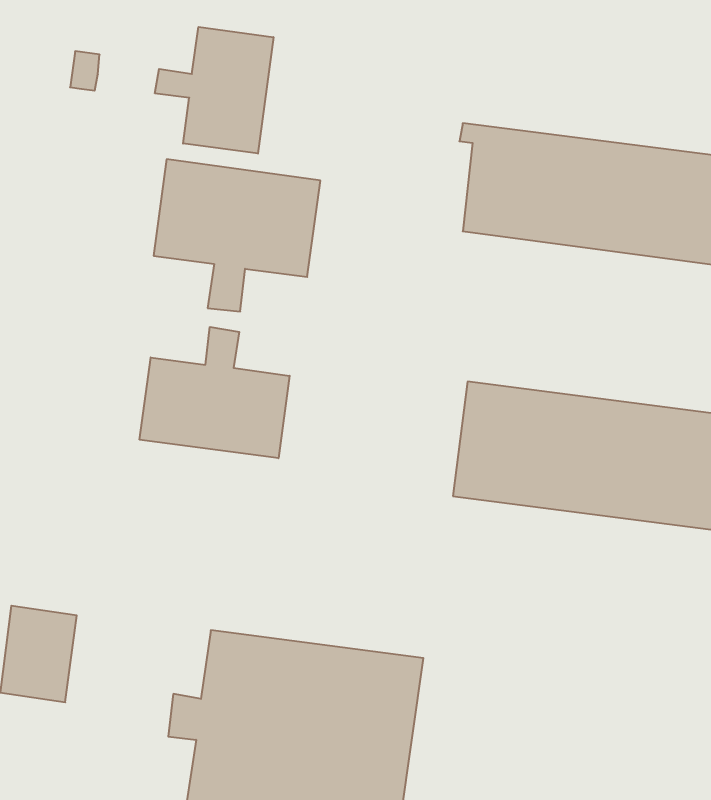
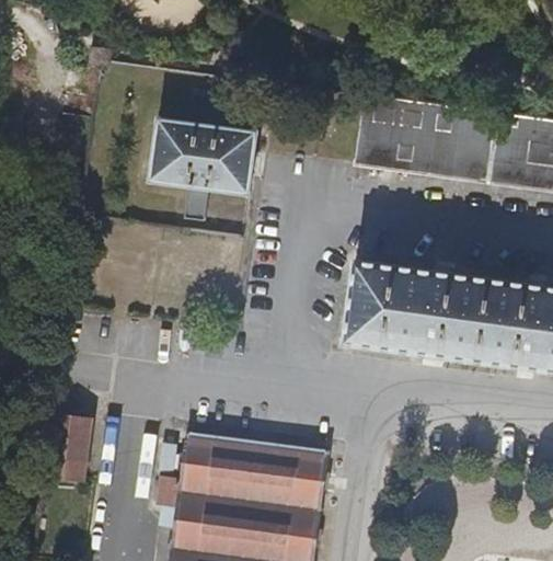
building: [155,27,273,154] -> none
building: [140,327,290,458] -> none

